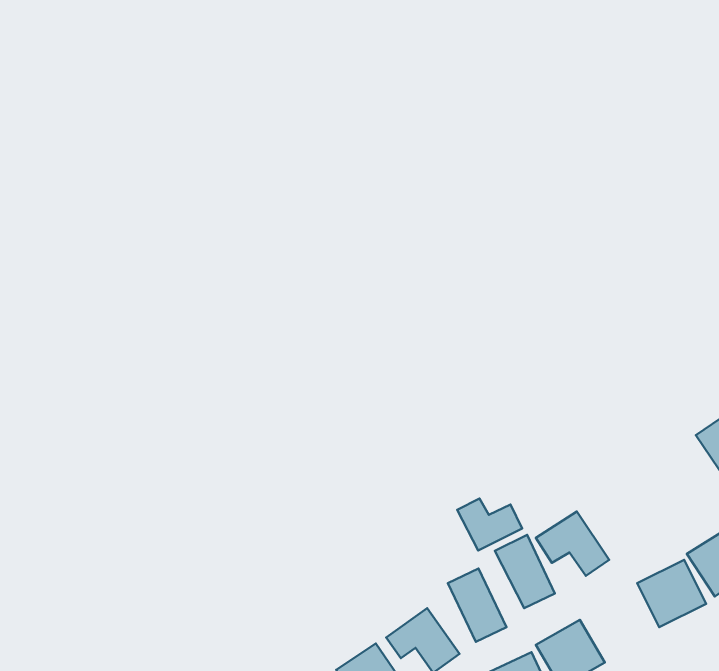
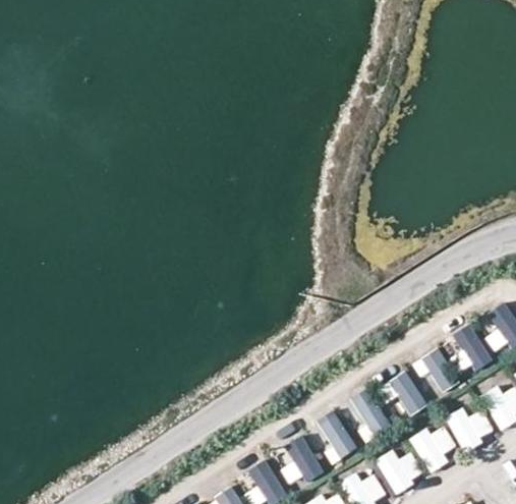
building: none -> [444,327,495,372]
building: none -> [418,348,458,394]
building: [457,498,522,550] -> none
building: none -> [410,423,459,472]

